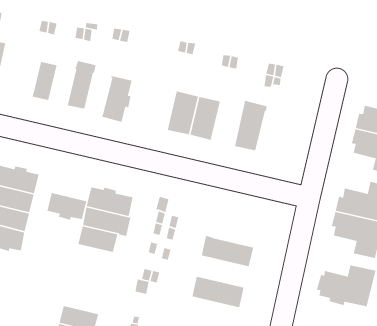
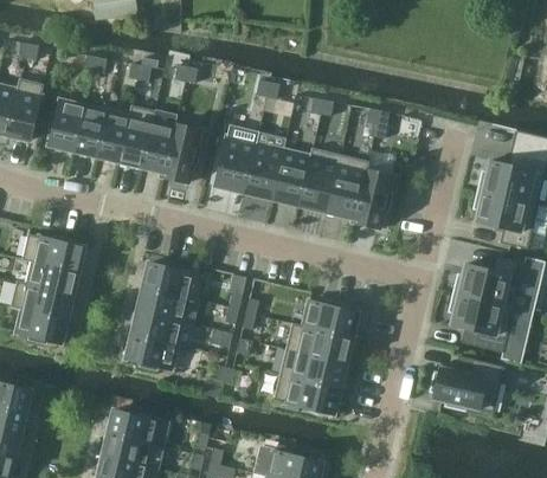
building: none -> [49,101,85,151]
building: none -> [96,111,129,162]
building: none -> [141,122,174,173]
building: none -> [214,125,258,193]
building: none -> [298,148,340,213]
building: none -> [352,169,392,228]
building: [46,192,87,221] -> [126,335,176,370]
building: none -> [302,302,358,338]
building: none -> [279,349,346,388]

